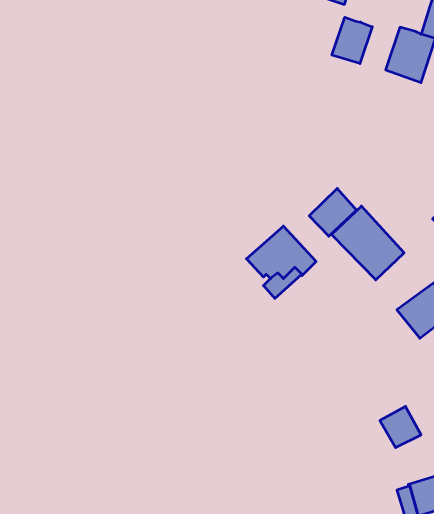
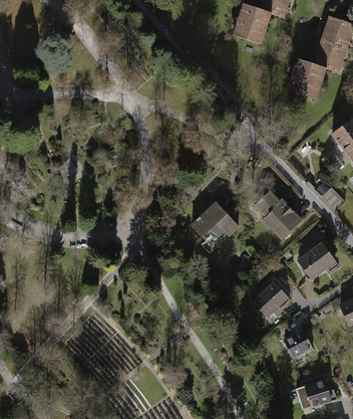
building: [332,17,372,64] -> none
building: [309,188,356,236] -> none
building: none -> [253,279,289,316]

